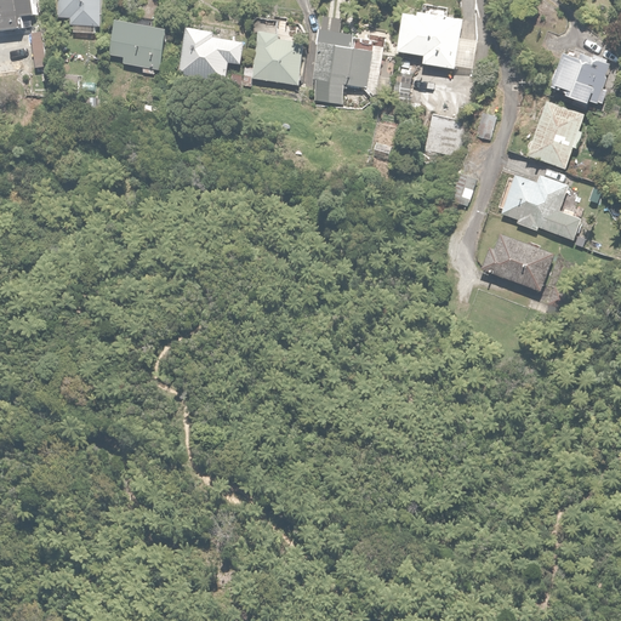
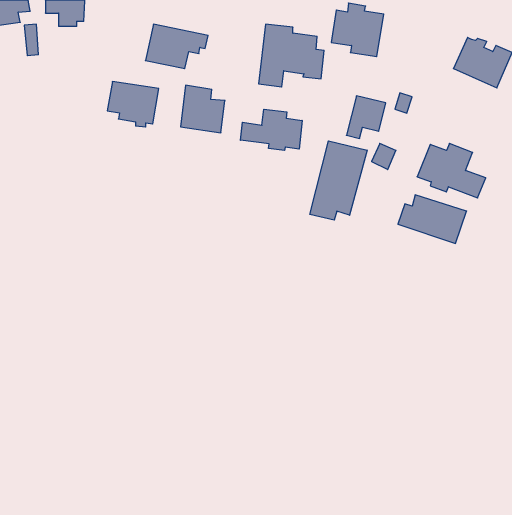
building: [107,19,169,74] -> [107,82,159,127]
building: [250,28,303,85] -> [181,85,225,133]
building: [524,99,587,176] -> none
building: none -> [240,109,302,150]
building: none -> [310,141,367,220]

